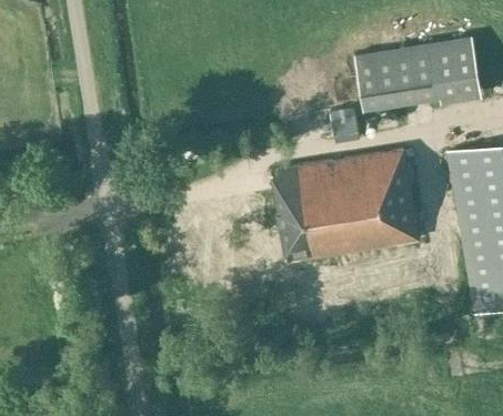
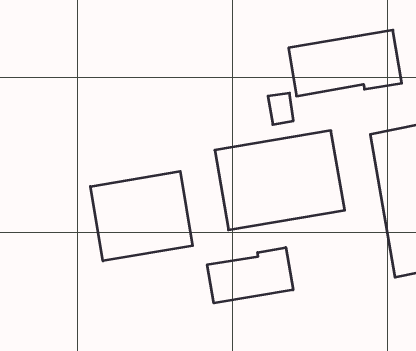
building: none -> [90,171,193,261]
building: none -> [207,247,293,303]

